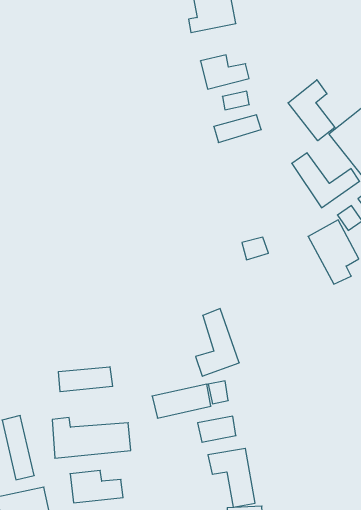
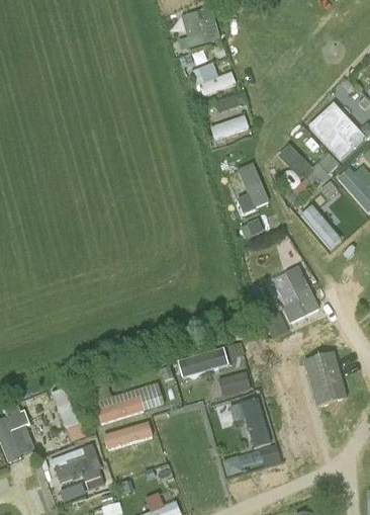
building: [288,80,335,141] -> none
building: none -> [237,162,269,212]
building: [196,309,239,376] -> [282,265,319,324]
building: [58,367,113,392] -> none
building: none -> [305,354,347,405]

